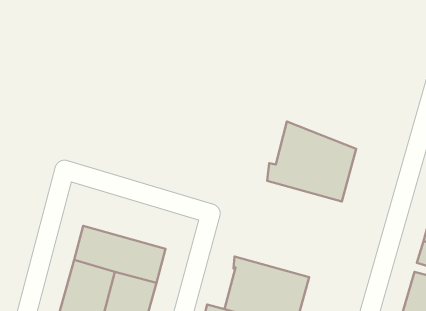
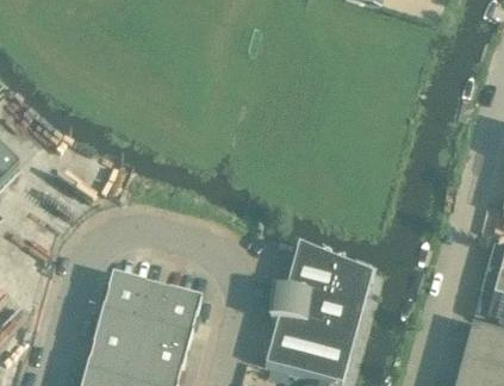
building: [267,122,356,202] -> [275,243,372,330]

